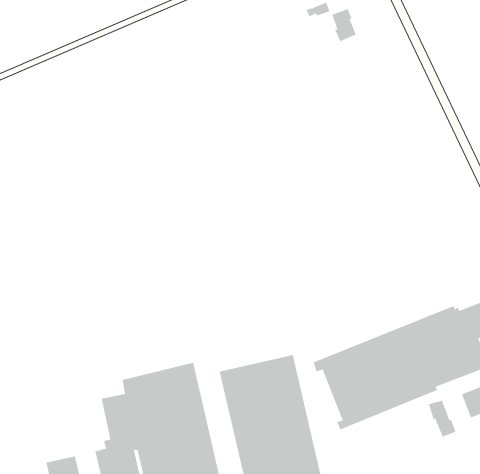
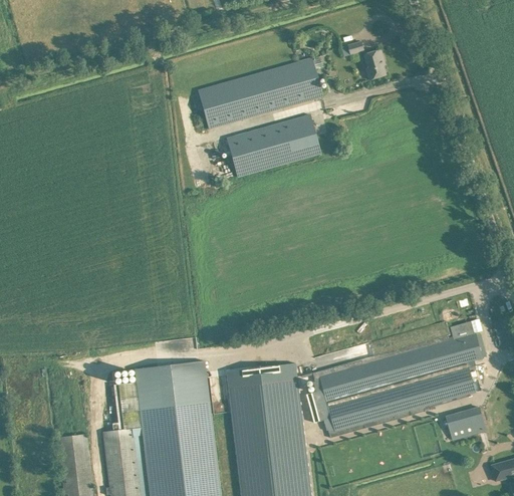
building: none -> [196,58,321,130]
building: none -> [225,114,319,177]
building: [428,400,456,437] -> none

